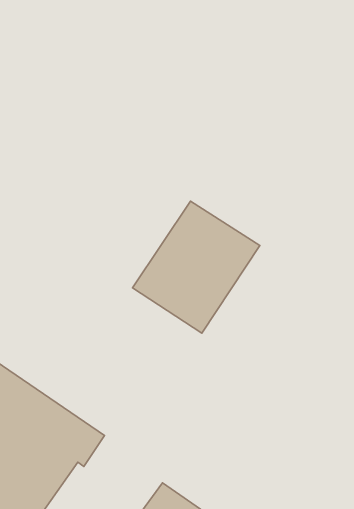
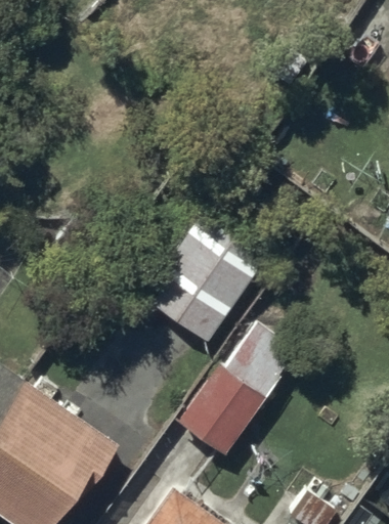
building: none -> [175,319,302,456]

